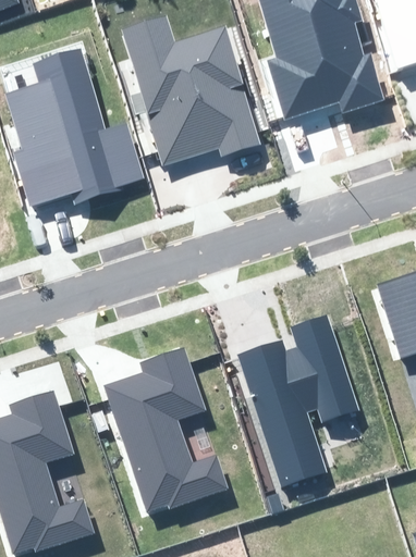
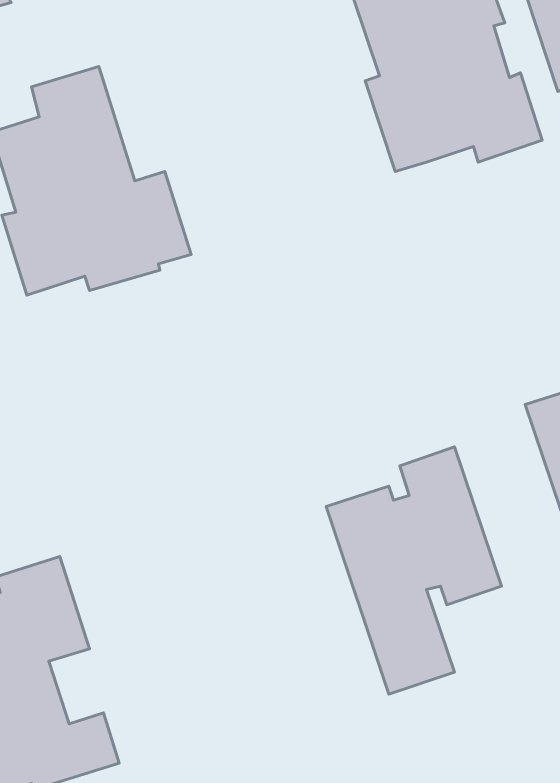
building: [121,15,261,165] -> none
building: [106,349,227,512] -> none

